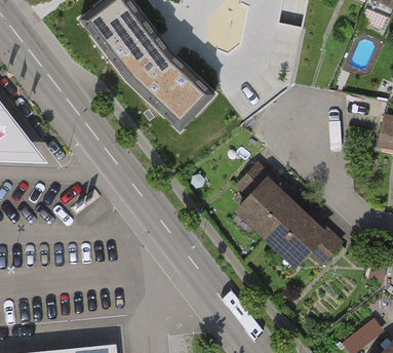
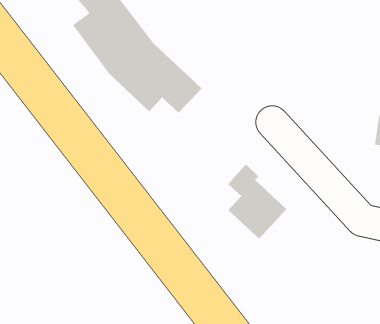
building: [270,207,341,263] -> none

